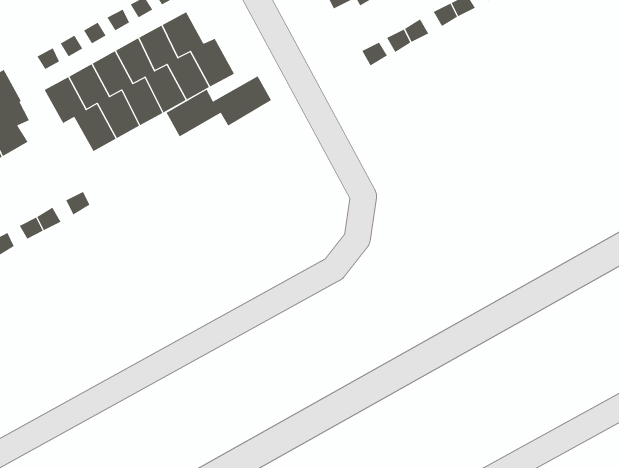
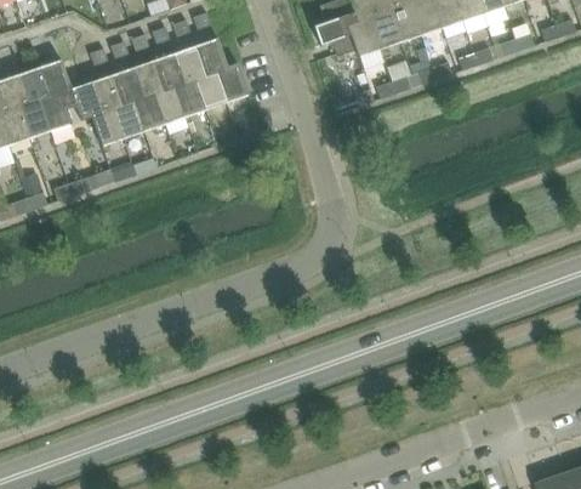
building: [166,76,272,137] -> none
building: none -> [70,81,123,146]

